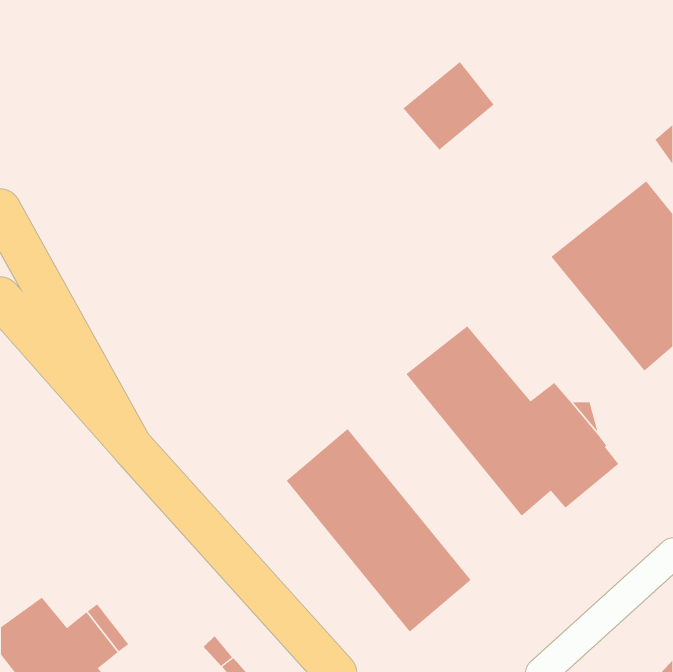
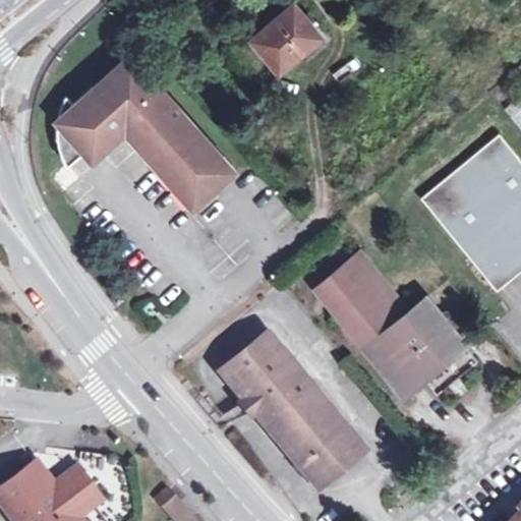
building: [402,61,495,151] -> [251,5,323,74]
building: none -> [57,56,233,208]

